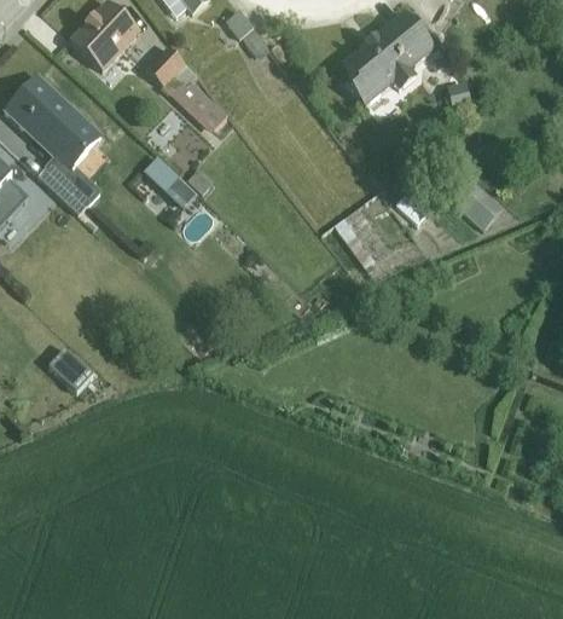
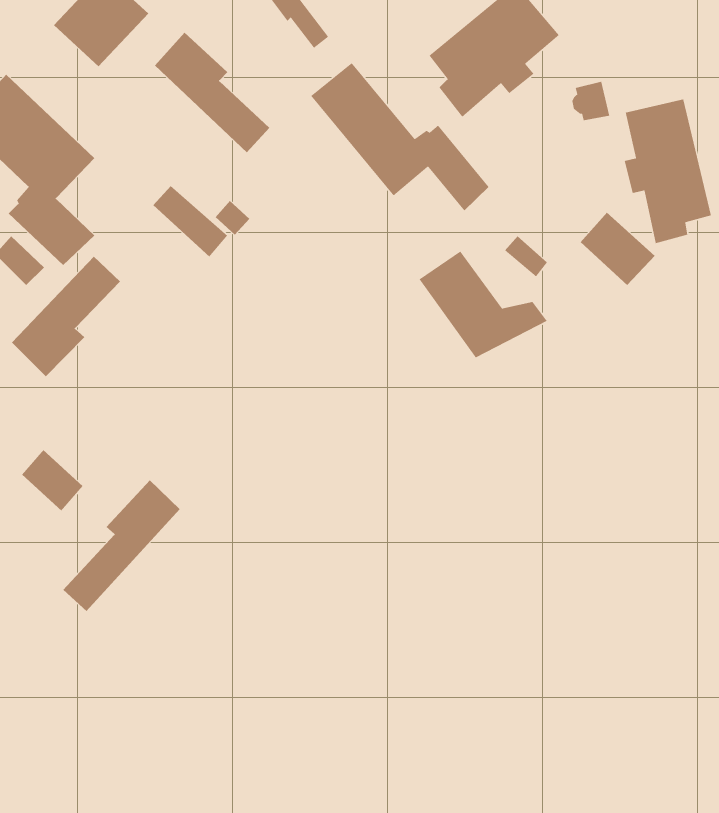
building: none -> [310,62,490,211]
building: none -> [624,99,712,244]
building: none -> [11,256,121,377]
building: none -> [63,480,181,612]

